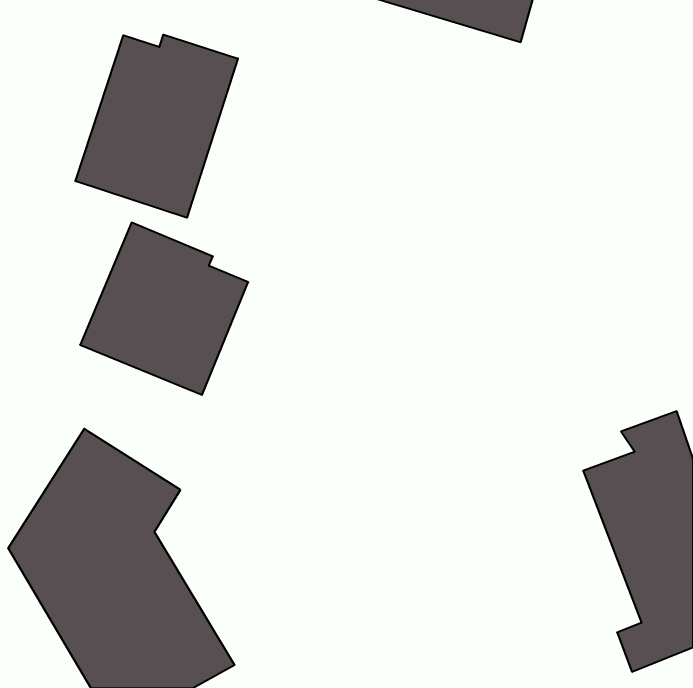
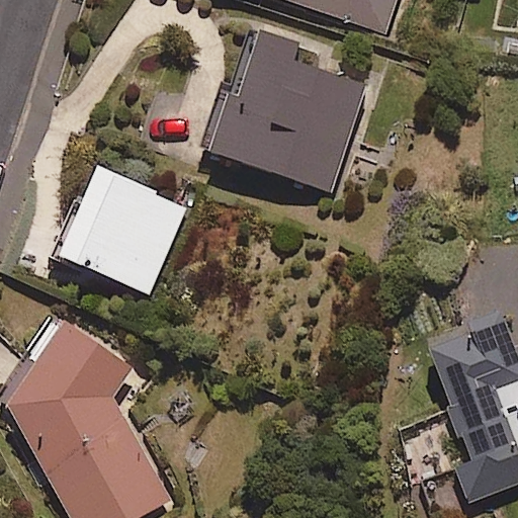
building: [75,35,238,218] -> none
building: none -> [202,31,362,191]

